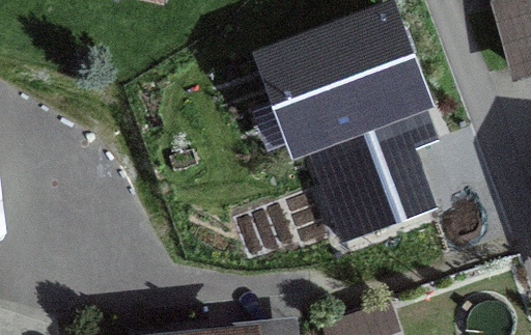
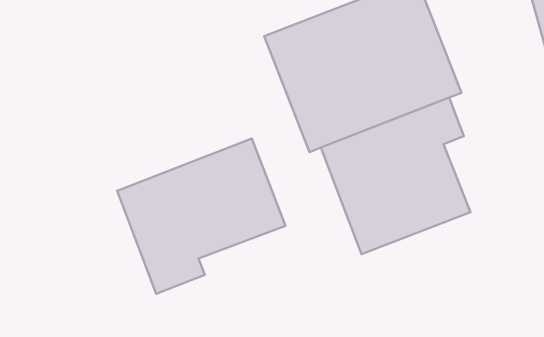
building: none -> [117,139,285,294]

